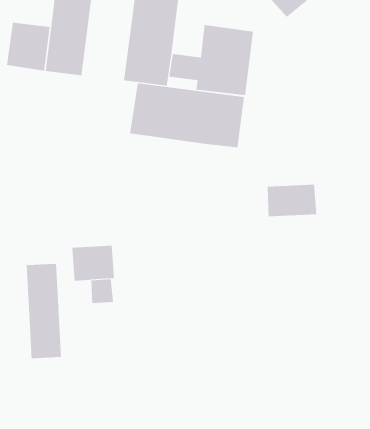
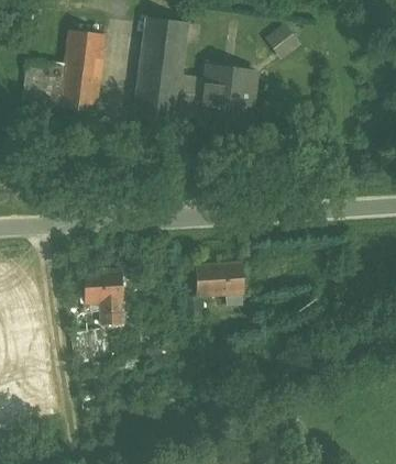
building: [130,82,245,148] -> none
building: [267,184,317,217] -> [197,266,244,297]
building: [26,263,61,359] -> none

